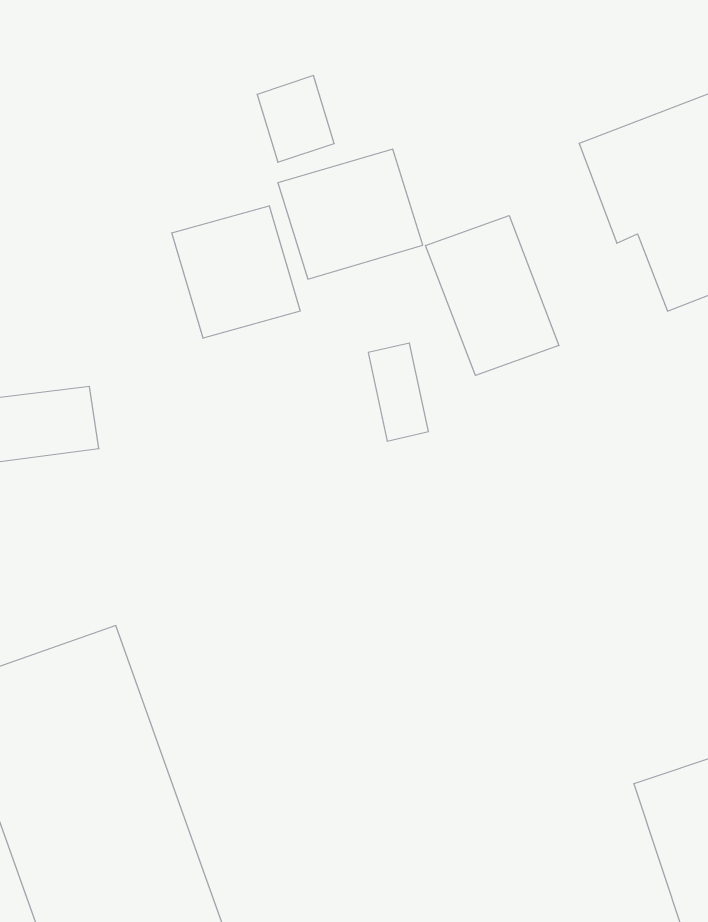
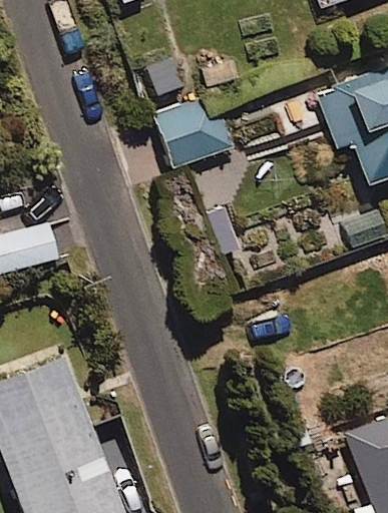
building: [172,206,300,338] -> none
building: [426,216,559,375] -> none

